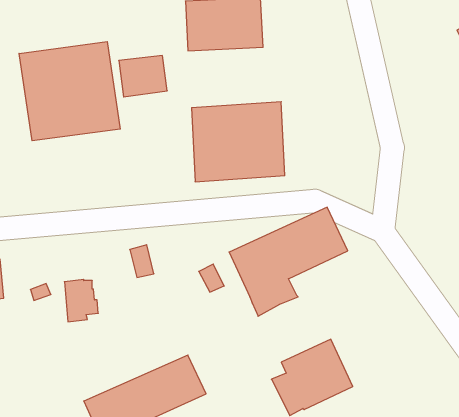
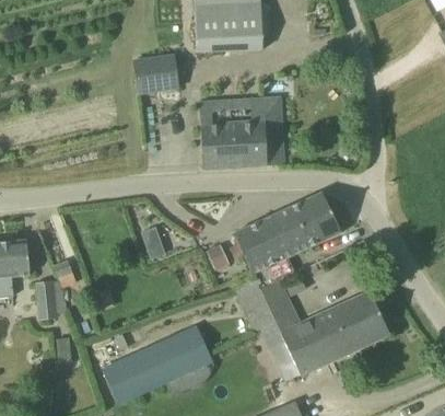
building: [19,42,120,141] -> none
building: [64,279,98,322] -> [37,280,68,319]
building: none -> [235,278,298,331]
building: none -> [326,291,390,354]

